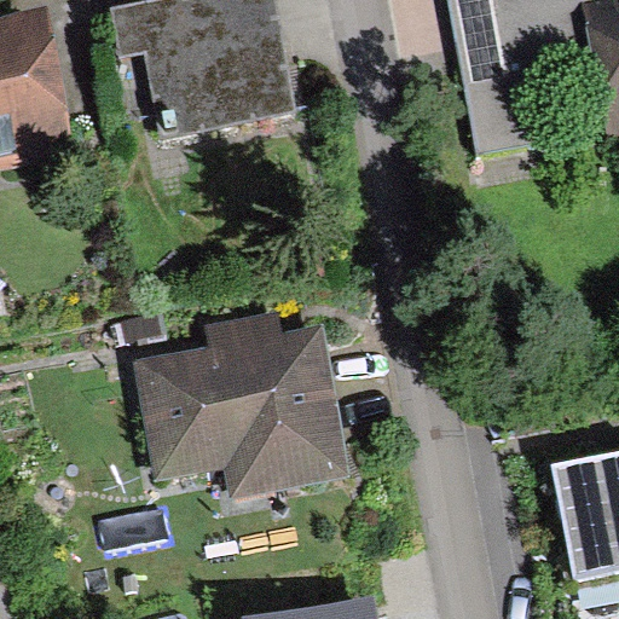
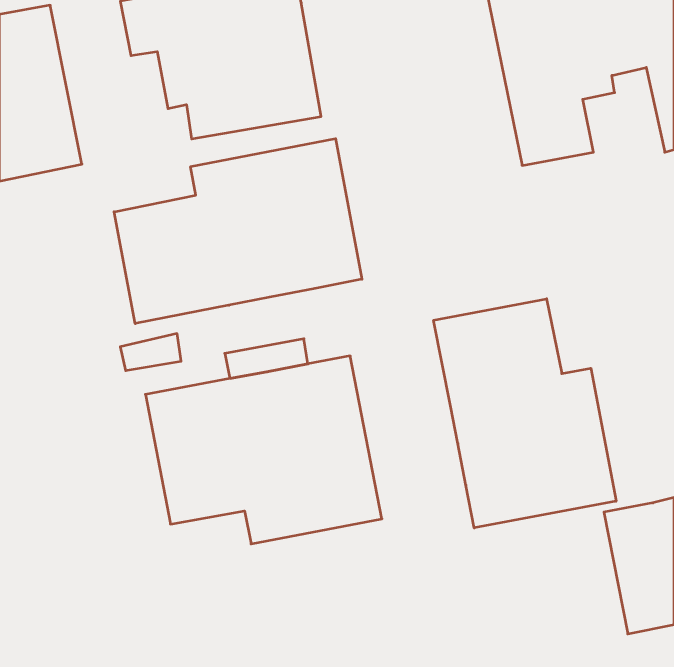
building: none -> [114,139,362,324]
building: none -> [434,299,616,528]

